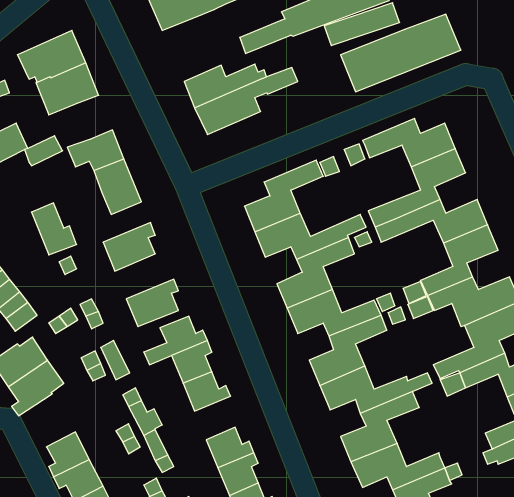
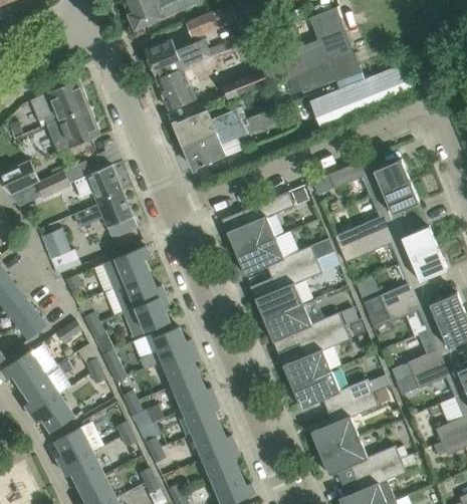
building: none -> [155,60,204,109]
building: none -> [113,272,165,311]
building: none -> [30,394,73,432]
building: none -> [183,396,218,434]

